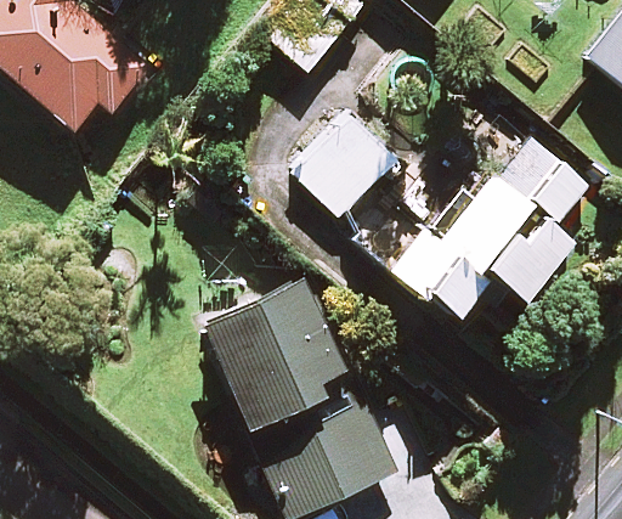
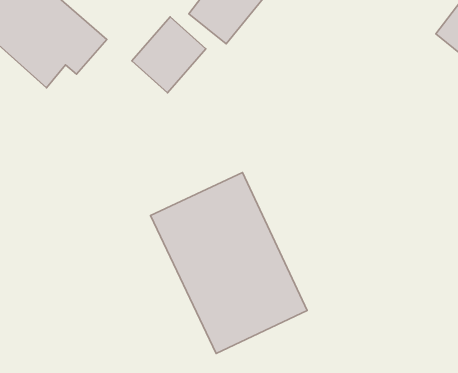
building: [290,119,389,220] -> [132,17,206,93]
building: [378,137,587,318] -> none

